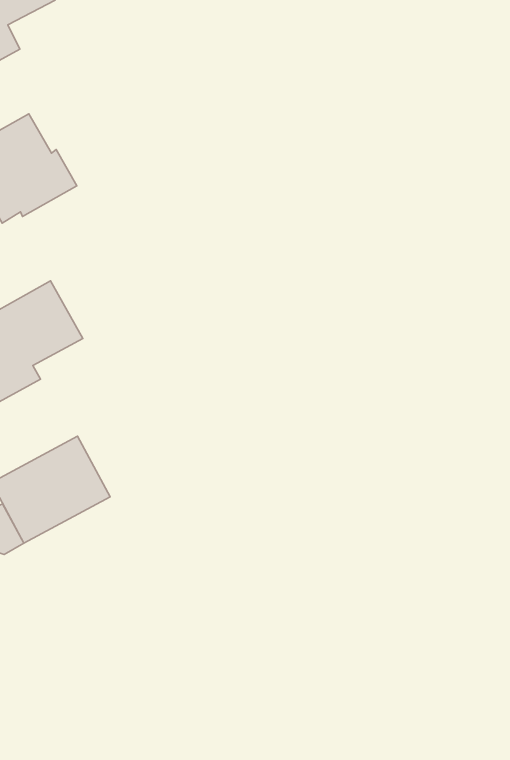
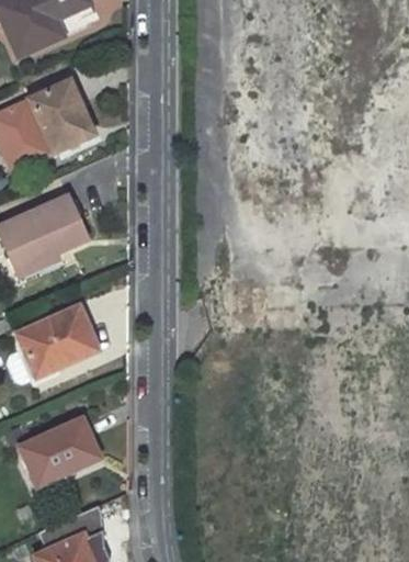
building: none -> [20,417,99,485]

